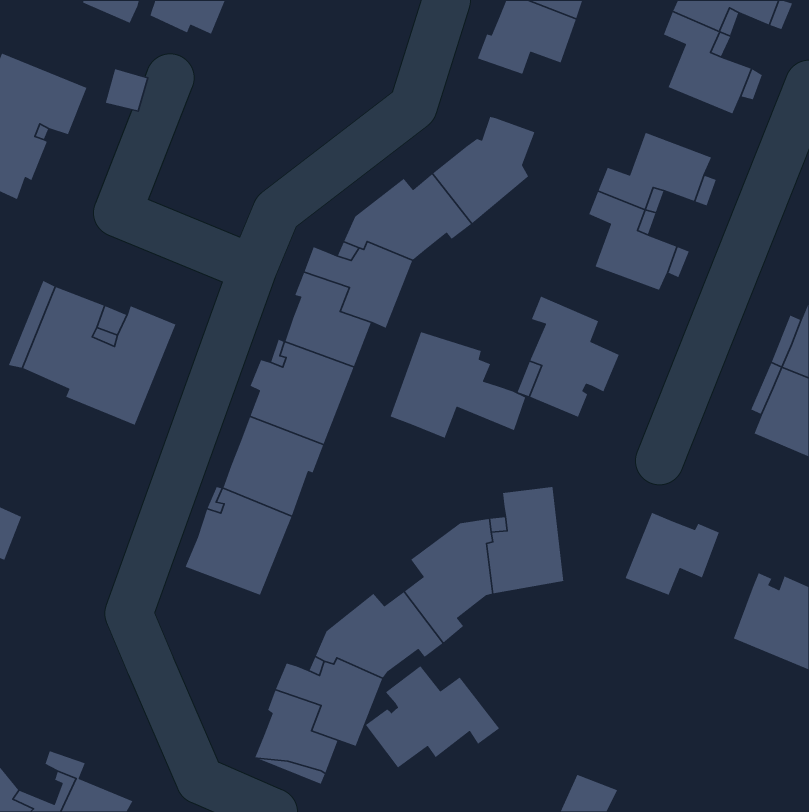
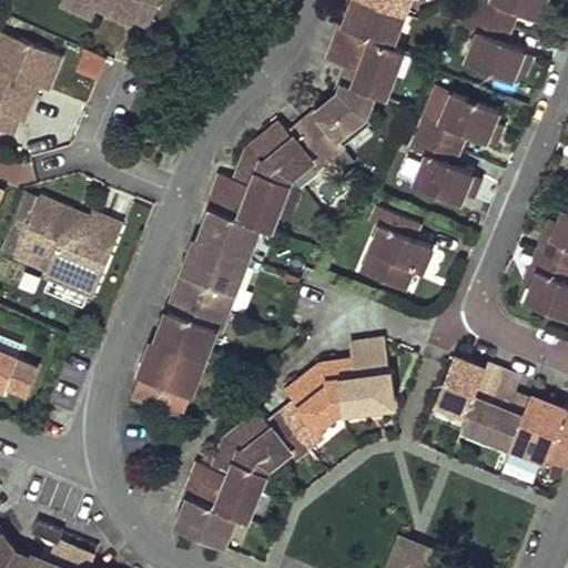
building: none -> [326,37,404,97]
building: [390,331,526,439] -> none
building: none -> [463,372,525,446]
building: [365,665,500,769] -> none

